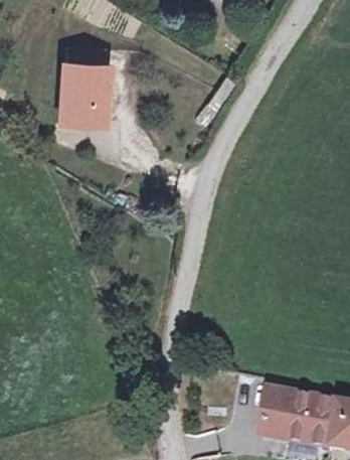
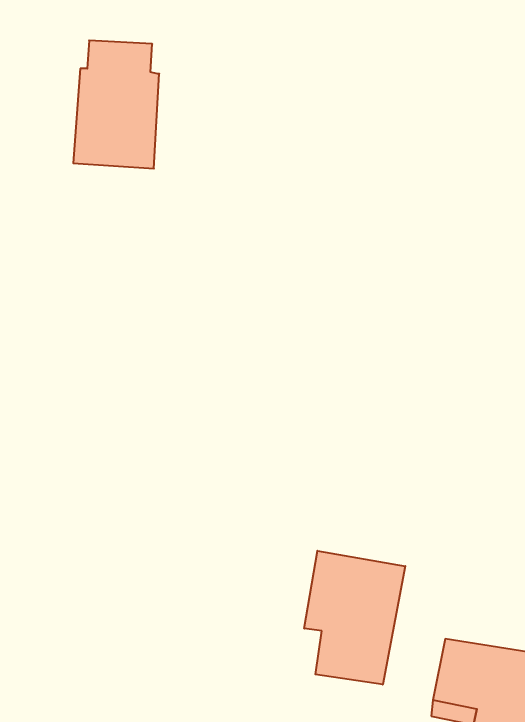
building: none -> [304,551,405,685]

